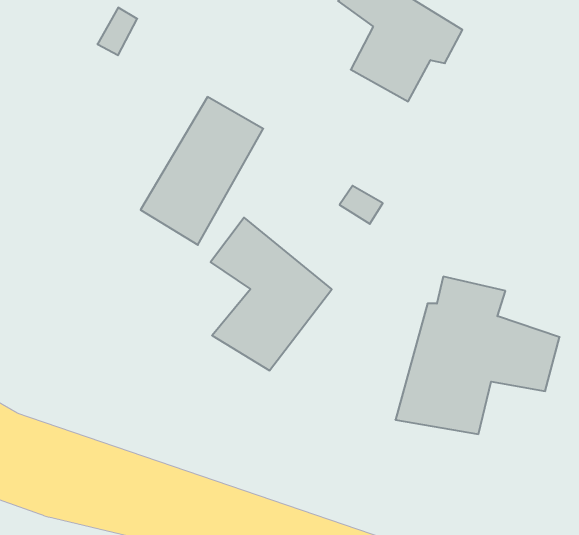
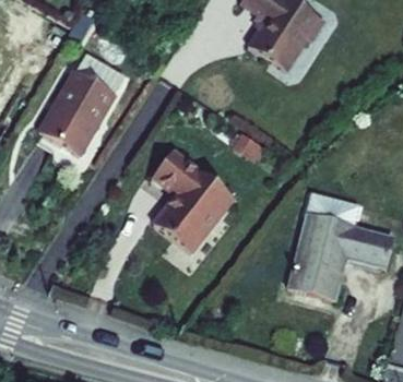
building: [141,97,263,245] -> [42,52,126,154]

